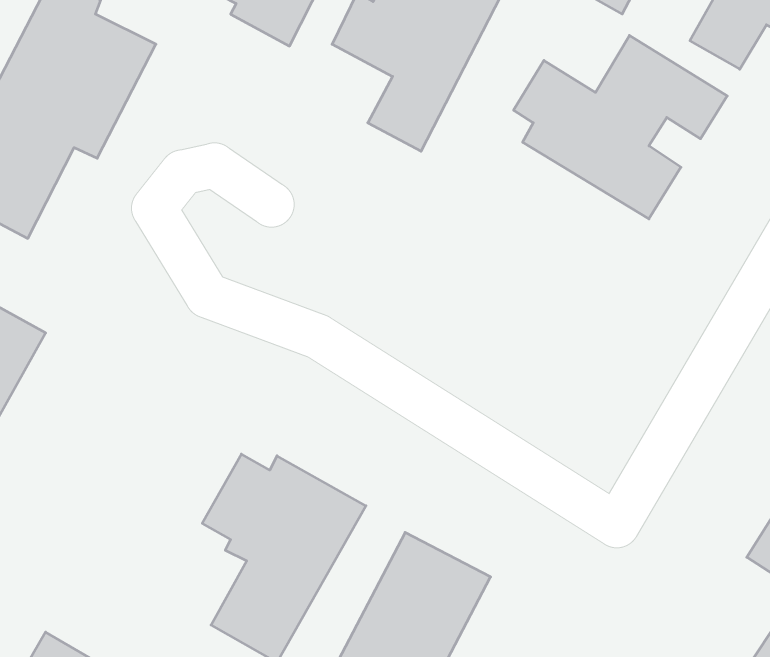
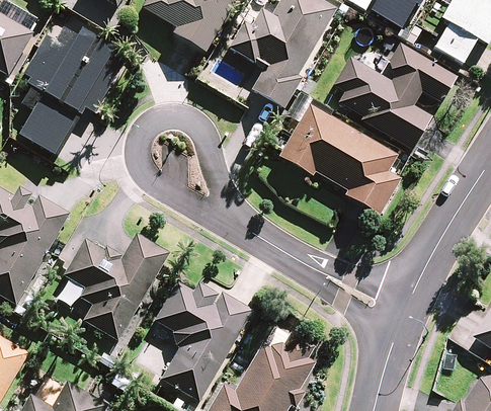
building: none -> [273,101,399,211]
building: none -> [66,233,169,339]

